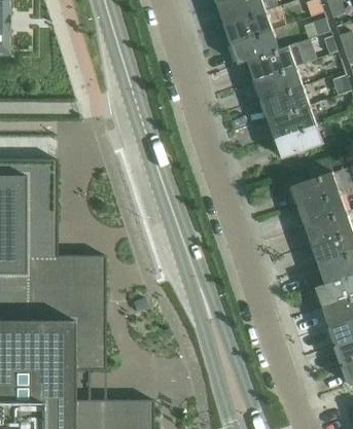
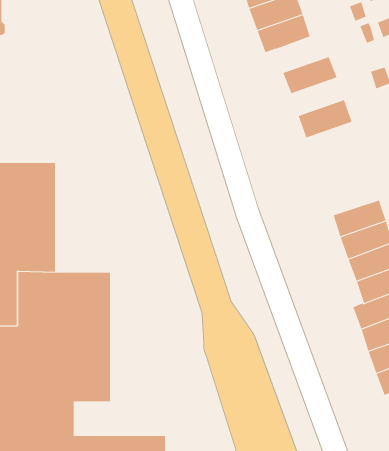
building: [248,43,305,81] -> none
building: [261,85,309,119] -> none
building: [275,124,323,158] -> none
building: [291,173,340,207] -> none

